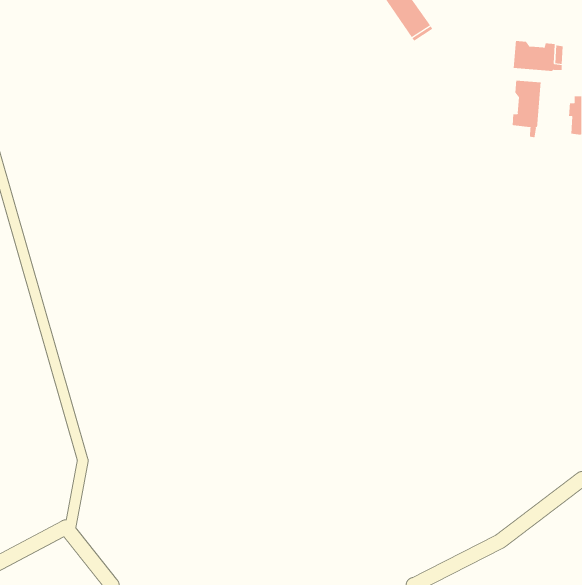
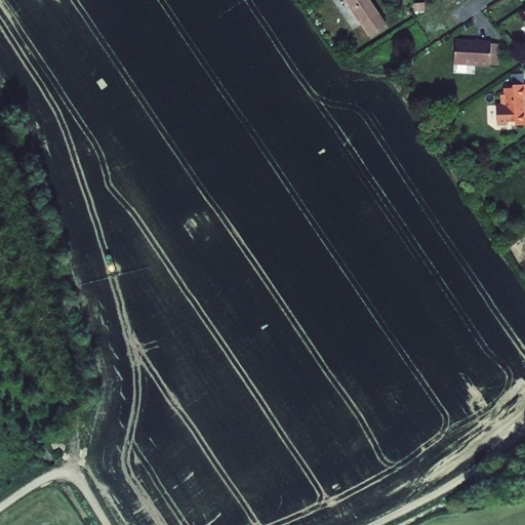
building: [512,80,541,138] -> none

